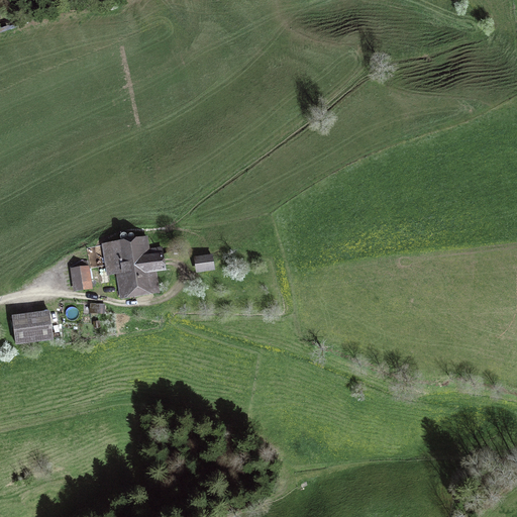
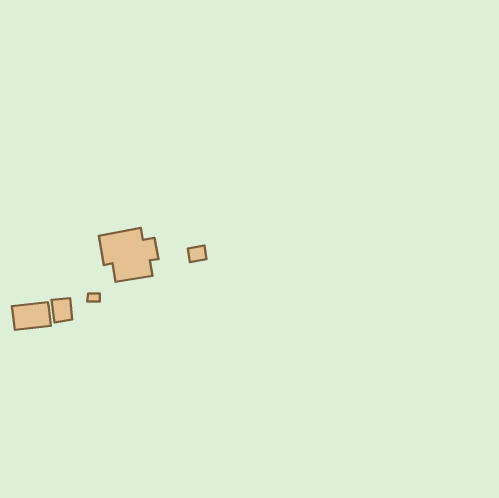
building: [70,266,91,291] -> [52,298,72,322]

